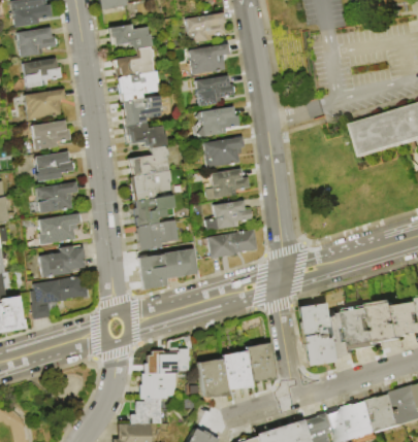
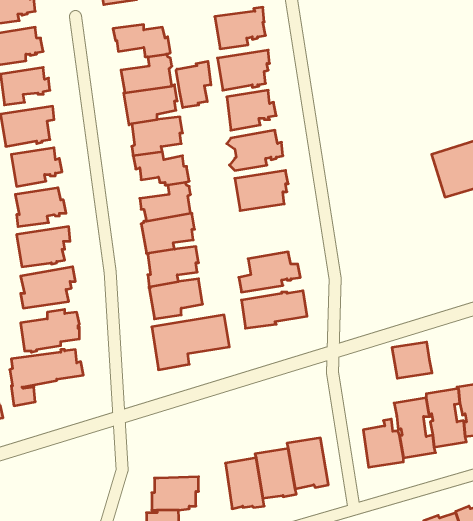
building: none -> [176,61,211,108]
building: [205,169,250,201] -> none
building: [296,303,327,331] -> [392,342,432,378]
building: [143,347,189,374] -> none

